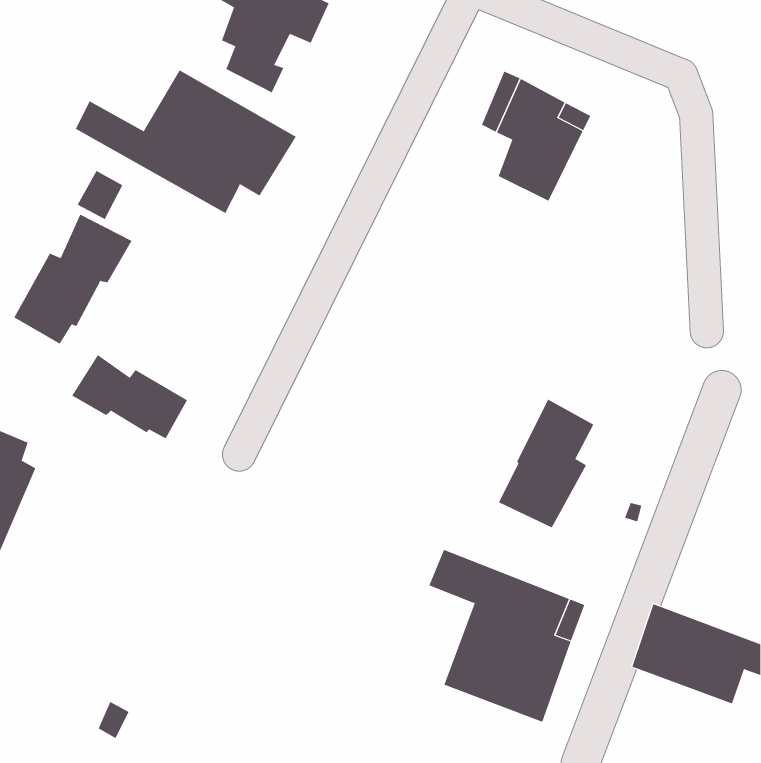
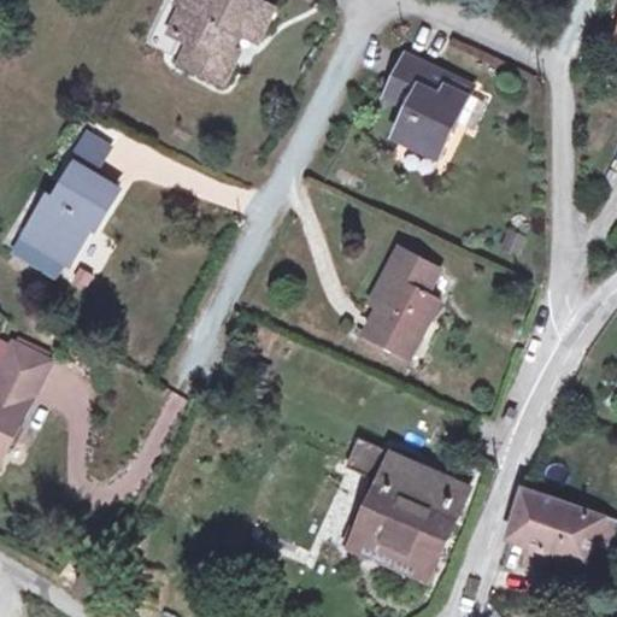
building: [75,70,297,214] -> none
building: [71,354,188,439] -> none
building: [498,399,594,528] -> [359,252,436,355]

